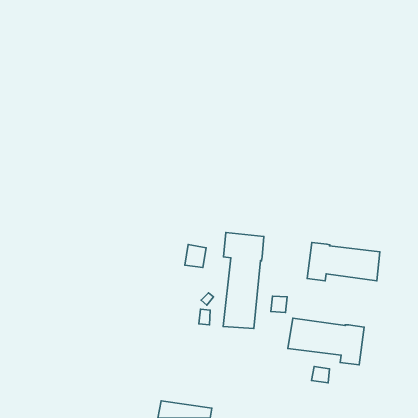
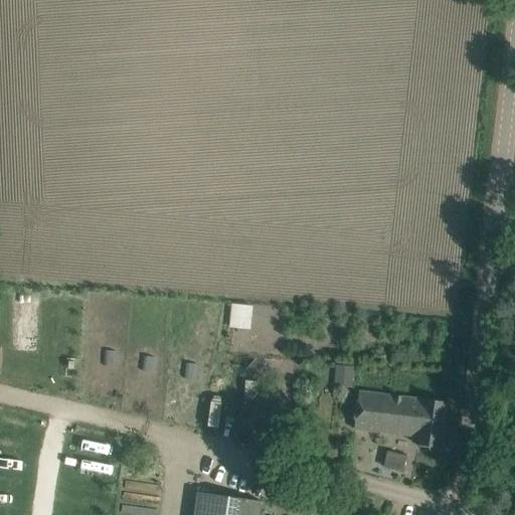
building: [223,232,264,329] -> none
building: [307,243,380,281] -> none

